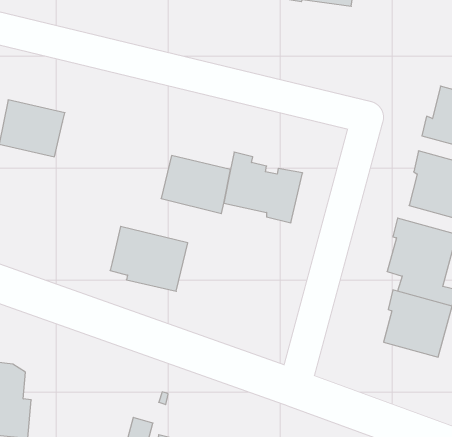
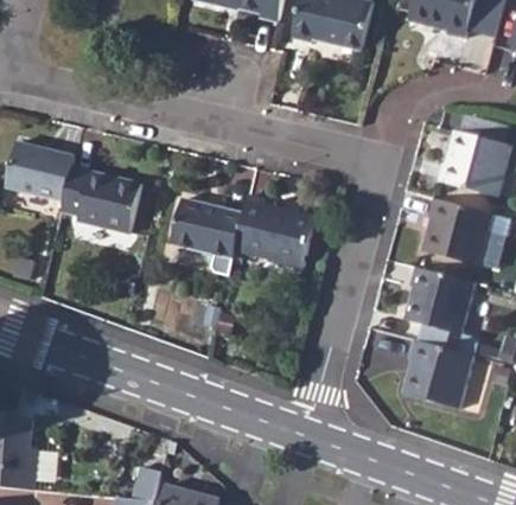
building: [110,226,188,291] -> [59,166,139,232]

